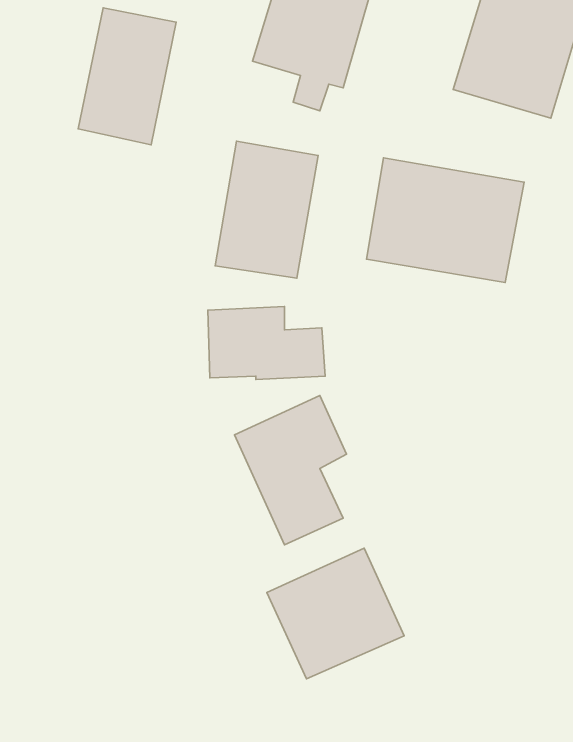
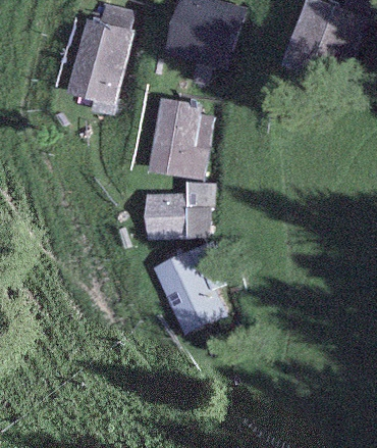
building: [367,158,524,283] -> none
building: [267,548,404,679] -> none

